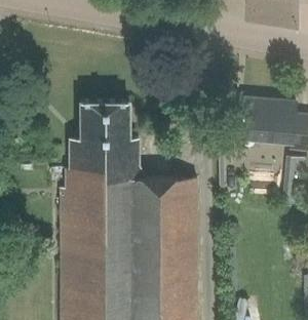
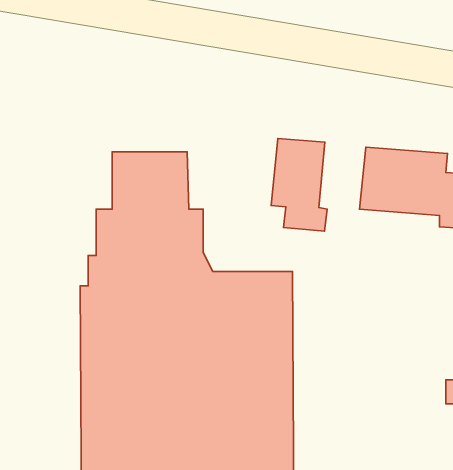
building: none -> [271,139,327,231]

